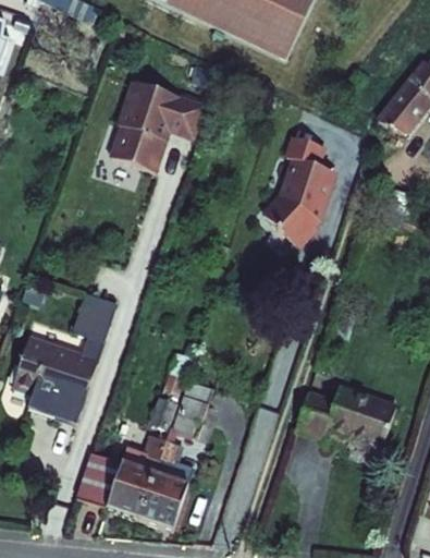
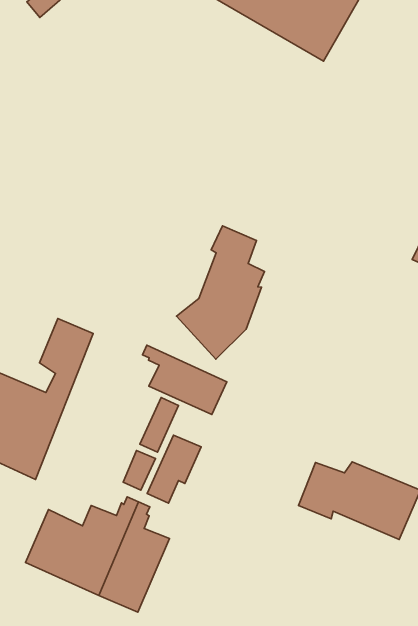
building: [111,80,209,172] -> none
building: [262,134,332,245] -> [176,226,264,359]
building: none -> [143,345,227,415]

